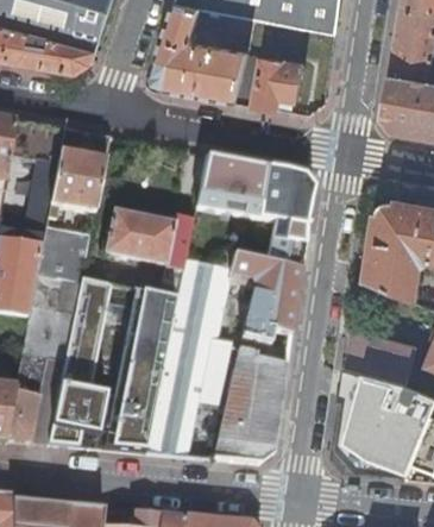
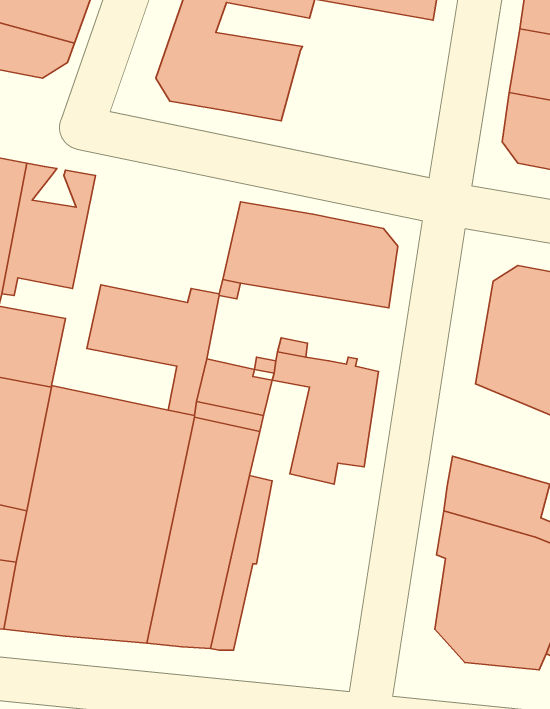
building: [233,55,302,111] -> none
building: [265,228,304,271] -> none
building: [210,357,285,465] -> none

